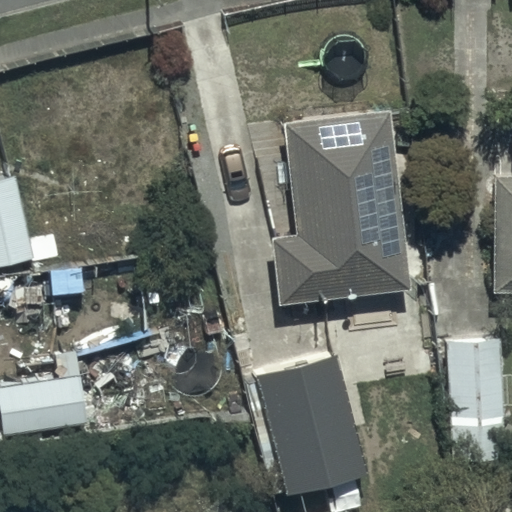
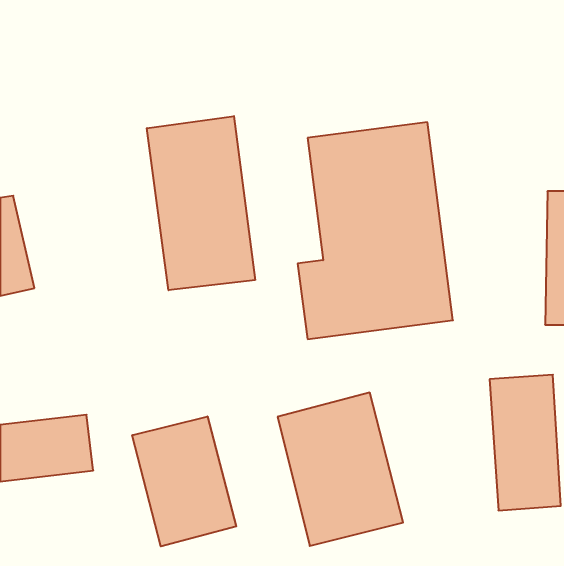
building: none -> [147,116,255,290]
building: none -> [132,416,236,546]

